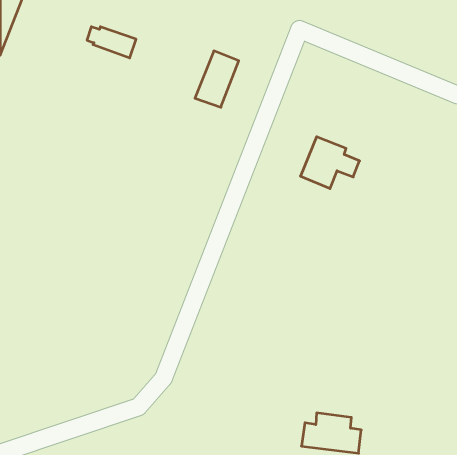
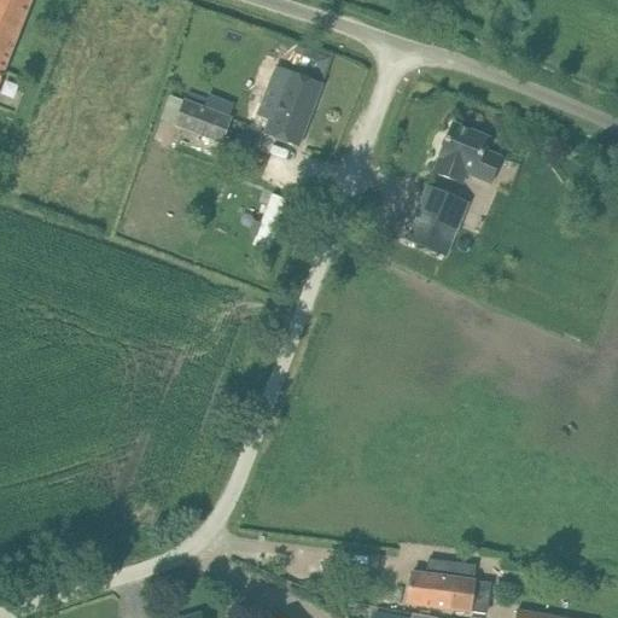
building: [87,27,136,58] -> [164,99,231,141]
building: none -> [432,123,501,182]

